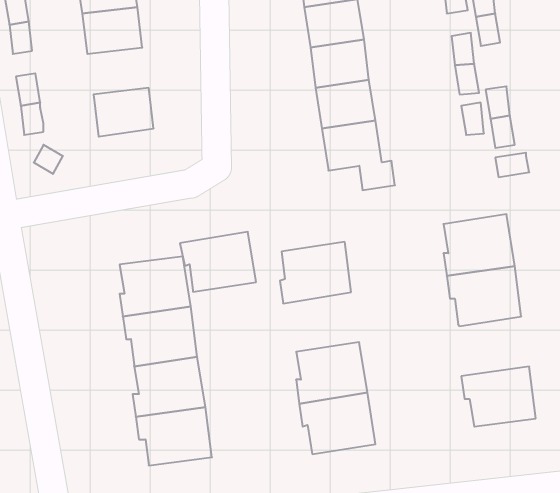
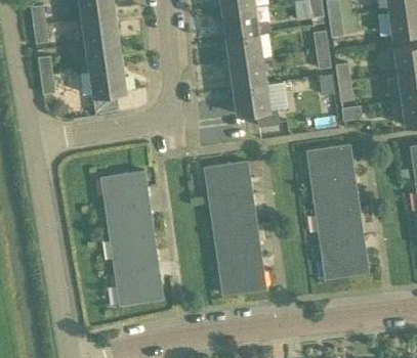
building: none -> [84,40,123,70]
building: [180,232,256,292] -> [208,194,256,232]
building: none -> [319,210,364,248]

